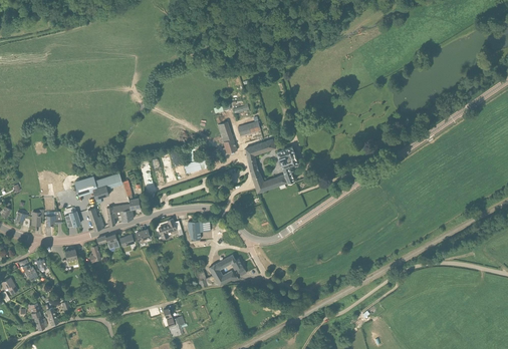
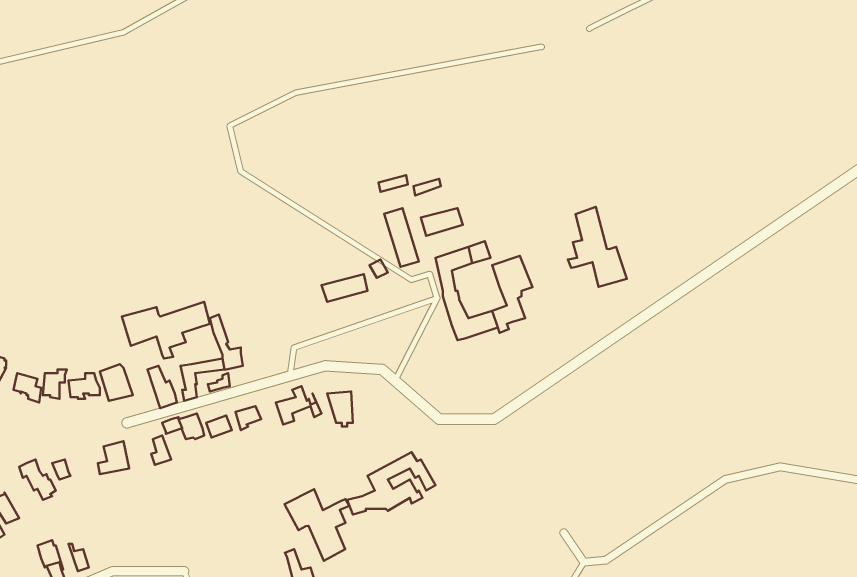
building: none -> [568,207,627,287]
building: none -> [285,489,350,561]

